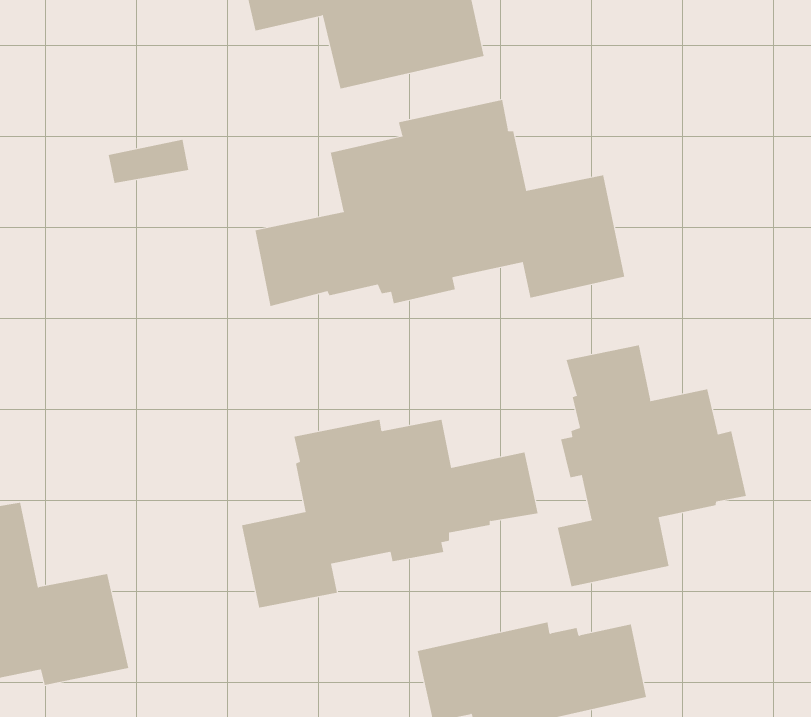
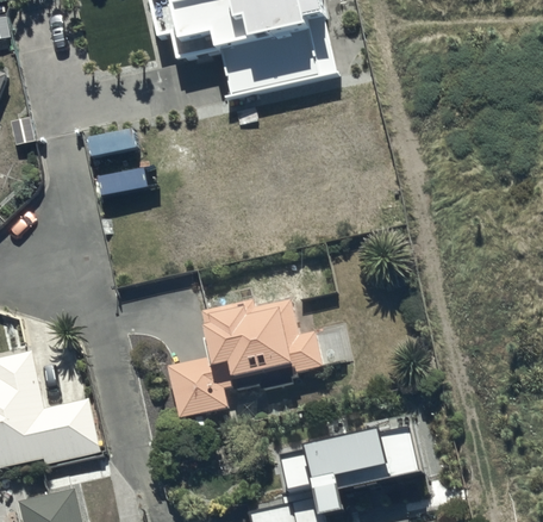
building: [255,99,625,307] -> none
building: [557,345,746,587] -> none

